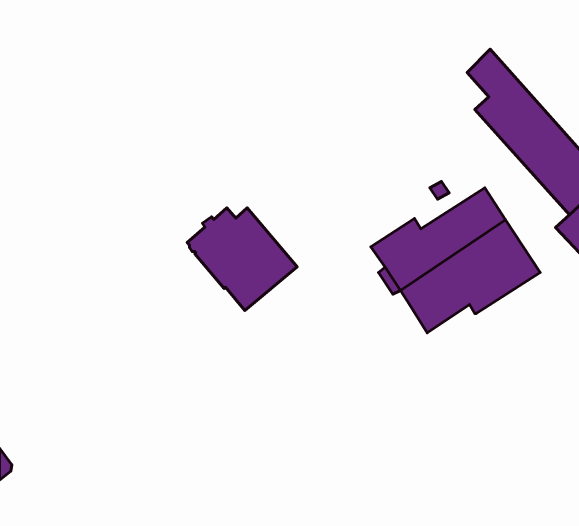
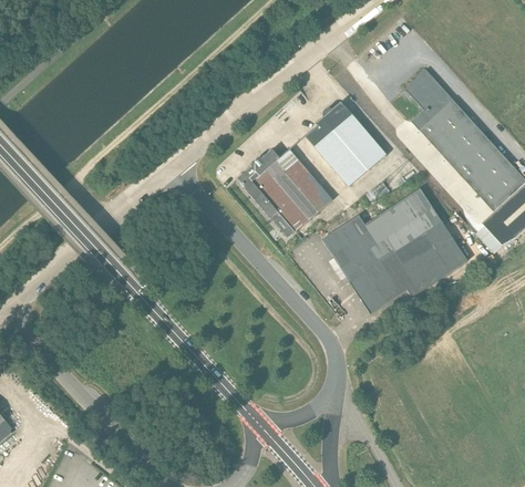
building: none -> [306,102,388,187]
building: [187,208,297,310] -> [238,149,333,238]

